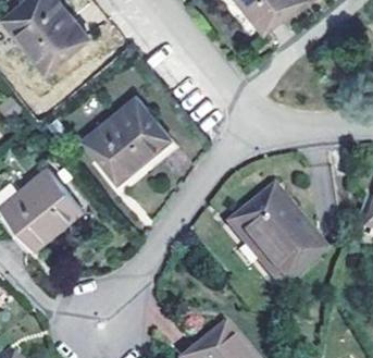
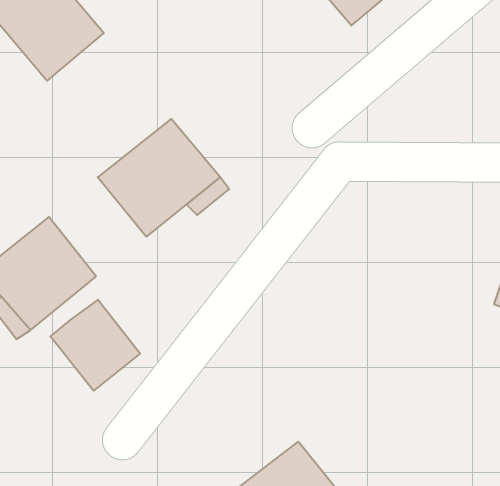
building: [227,187,322,285] -> none
building: none -> [50,300,140,391]

